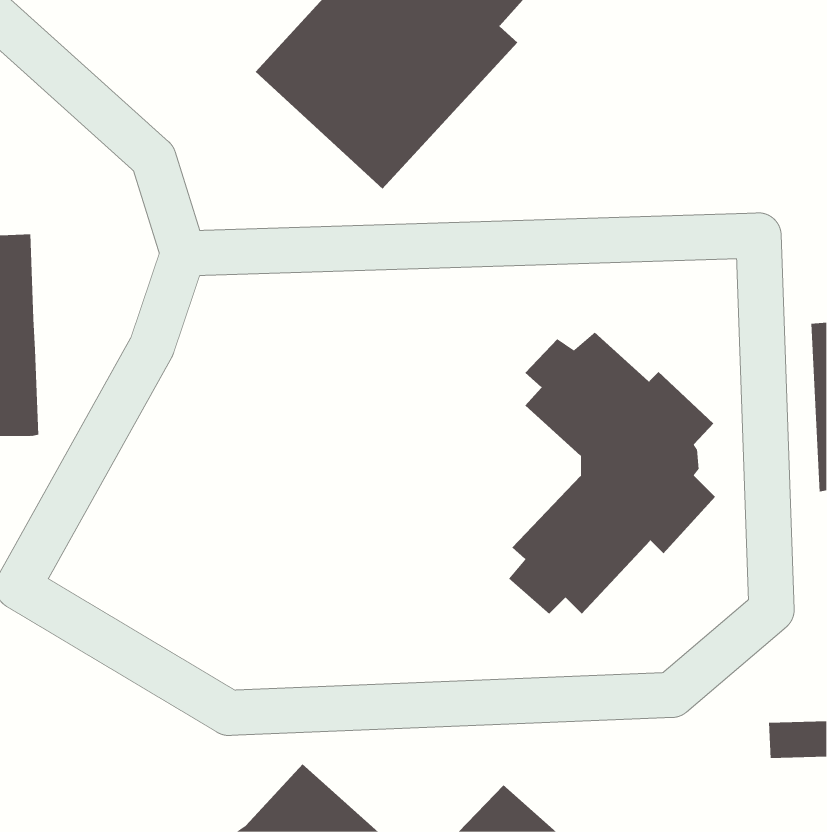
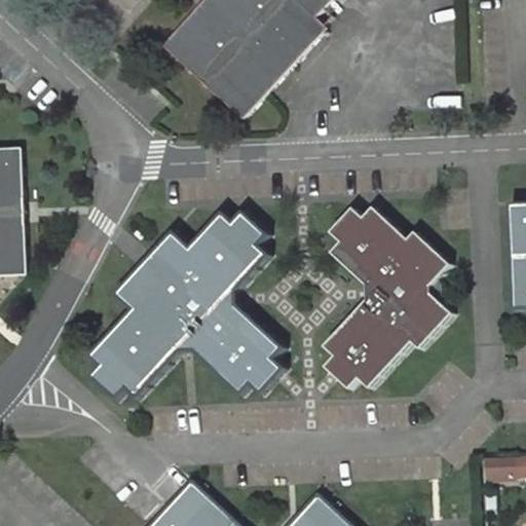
building: none -> [89,211,284,398]

